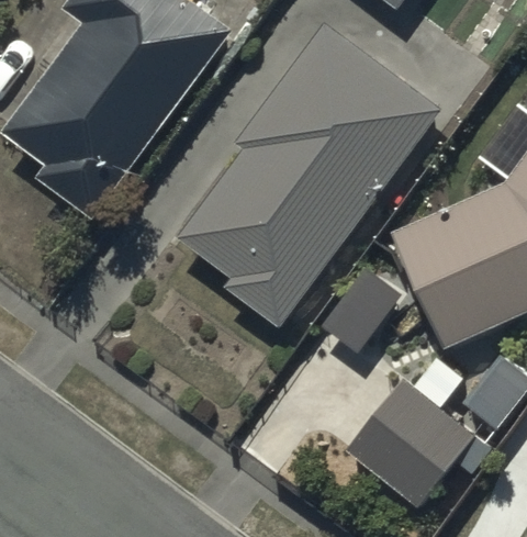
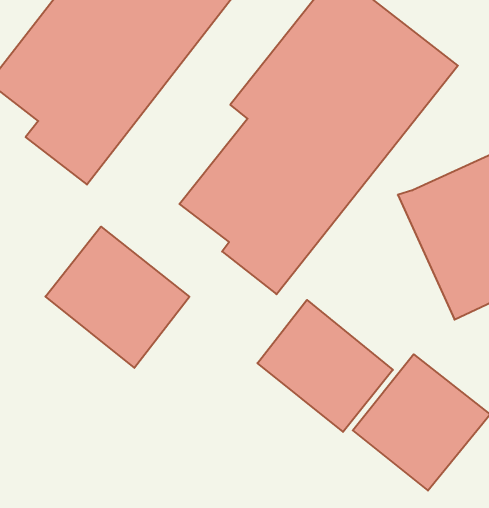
building: none -> [45,227,189,368]
building: none -> [257,300,393,432]

